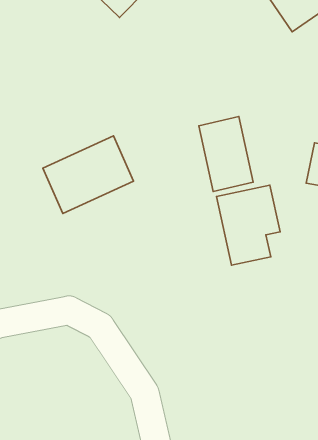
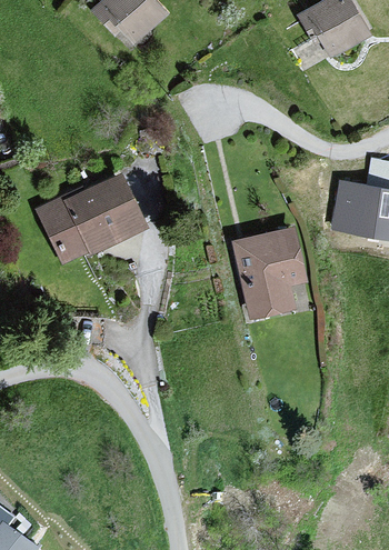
building: [199,117,253,191] -> none

